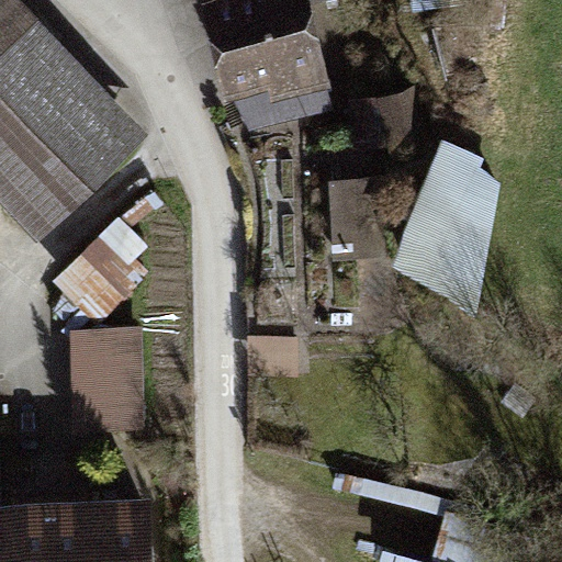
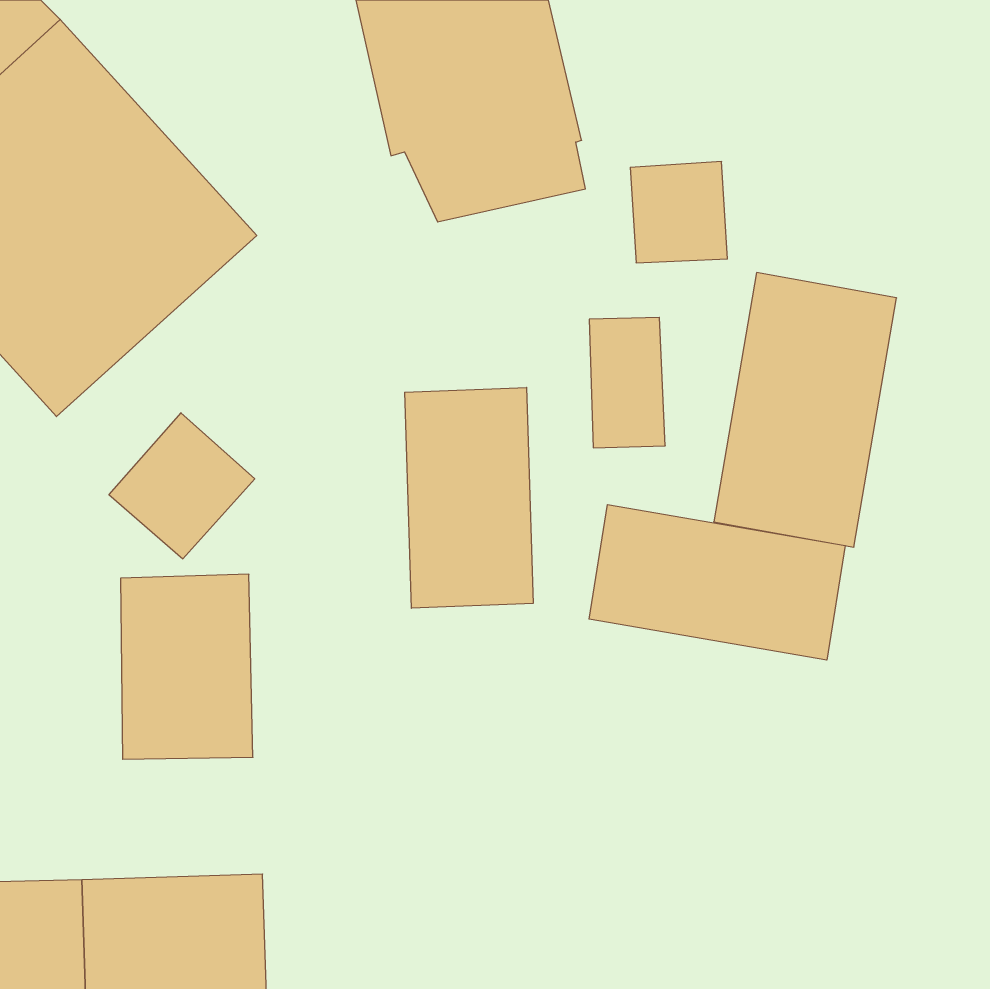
building: none -> [405,387,533,608]
building: none -> [589,505,845,660]

